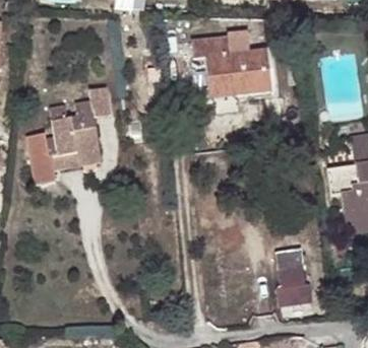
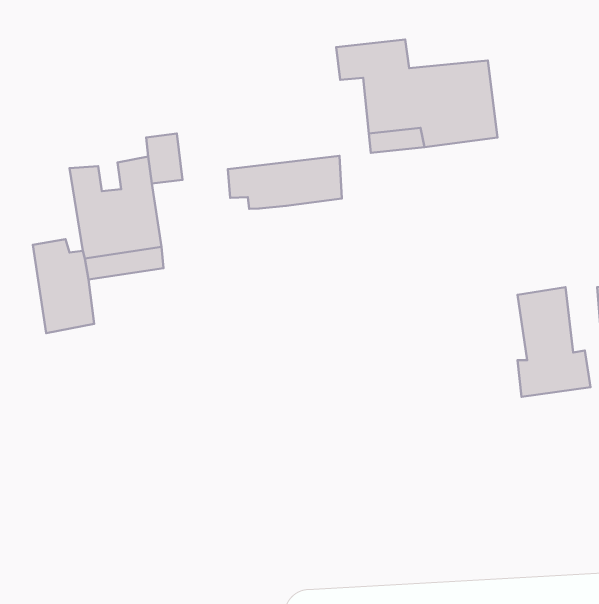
building: none -> [228,156,342,209]
building: [277,249,315,306] -> [518,287,591,397]

